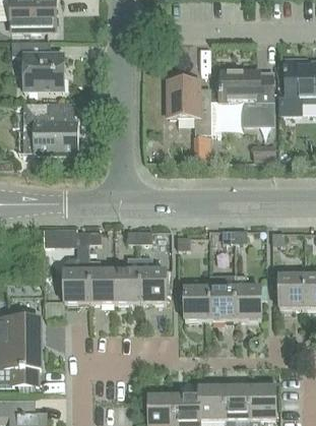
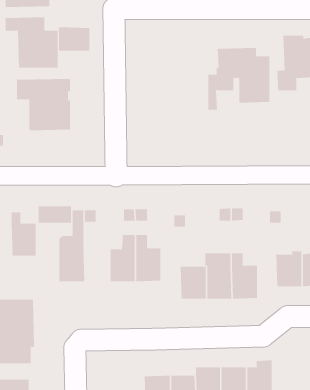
building: none -> [58,26,90,52]
building: [167,80,210,133] -> none
building: [88,259,114,303] -> [11,212,37,256]

